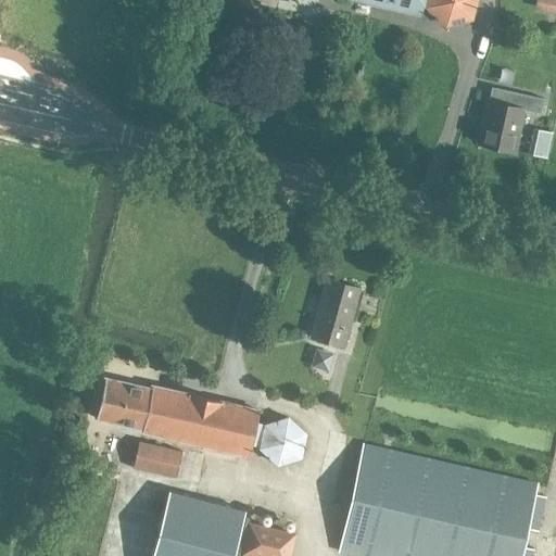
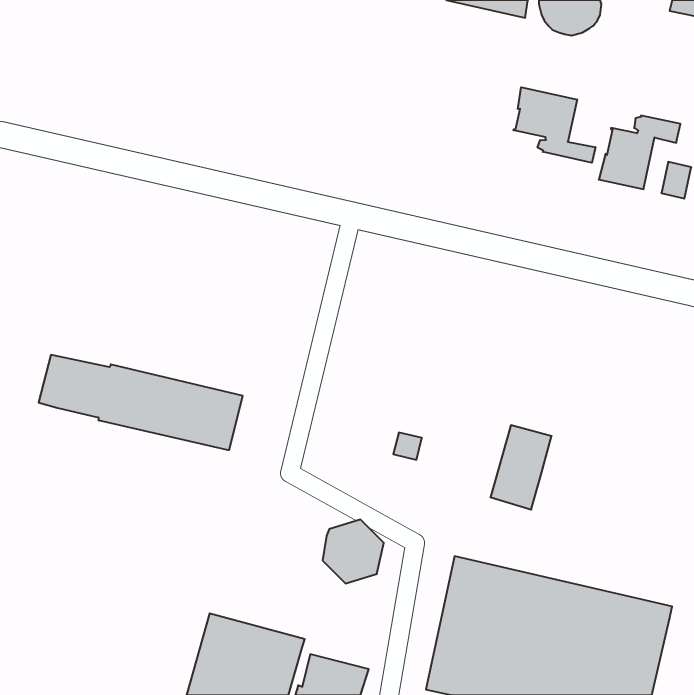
building: none -> [513,87,595,163]
building: [312,279,361,346] -> [490,425,552,510]
building: [98,379,261,455] -> [39,355,243,450]
building: [134,442,181,477] -> none

